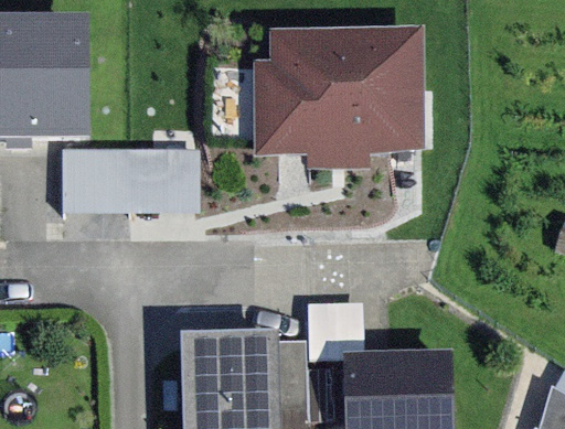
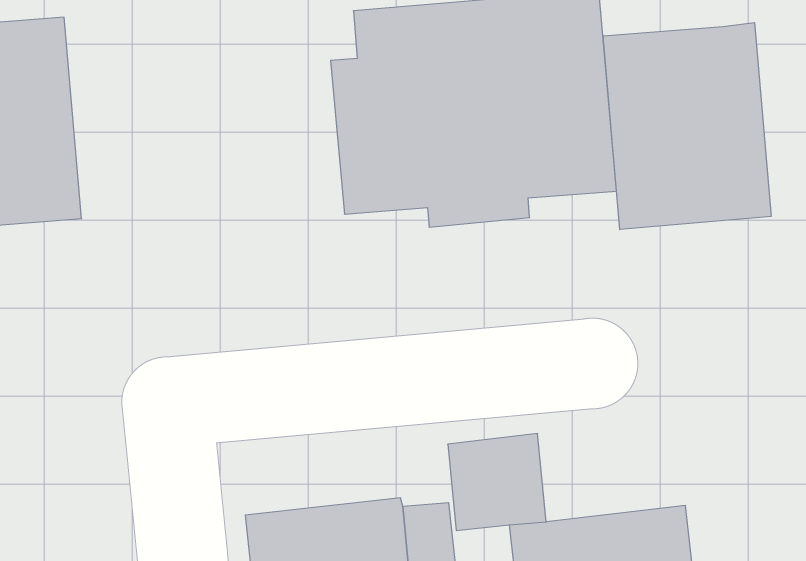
building: none -> [603,23,771,230]
building: [60,144,200,212] -> none

